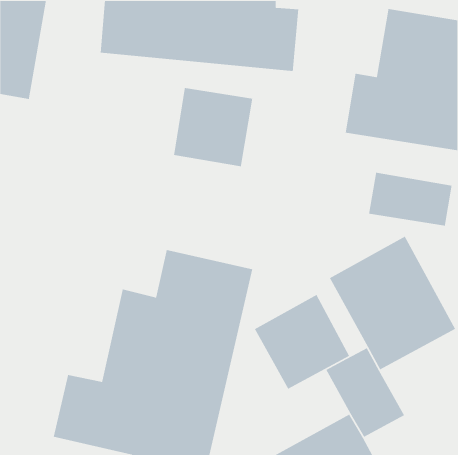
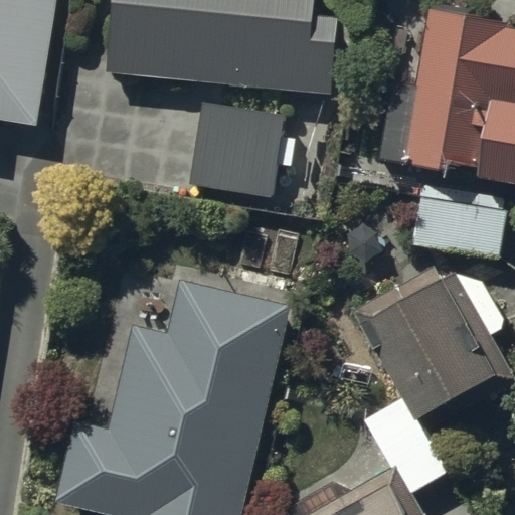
building: [254,294,350,390] -> none

